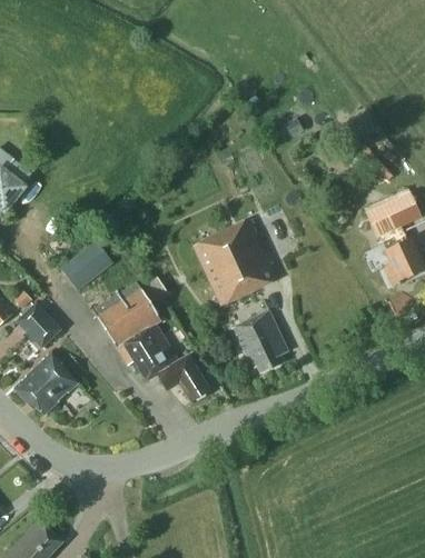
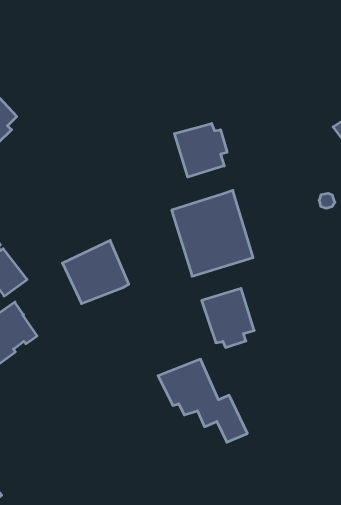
building: none -> [174,123,227,177]
building: [59,240,113,291] -> none
building: [117,325,210,401] -> [158,359,247,442]

